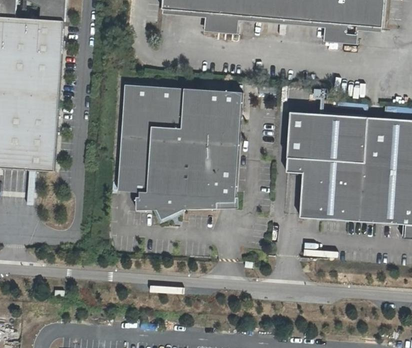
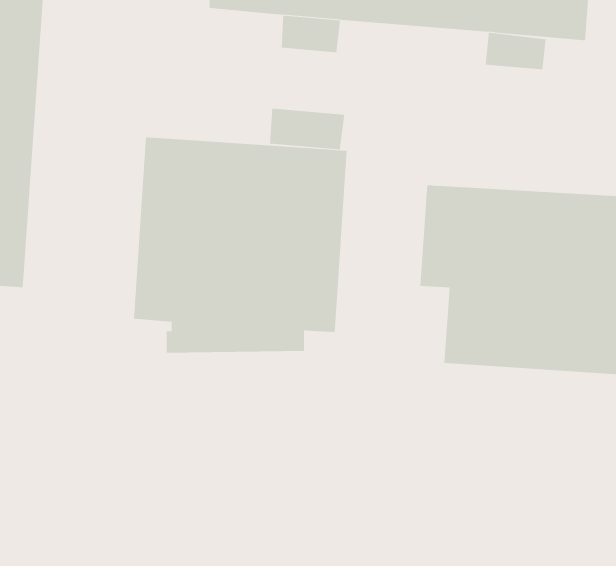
building: none -> [269,108,345,150]

